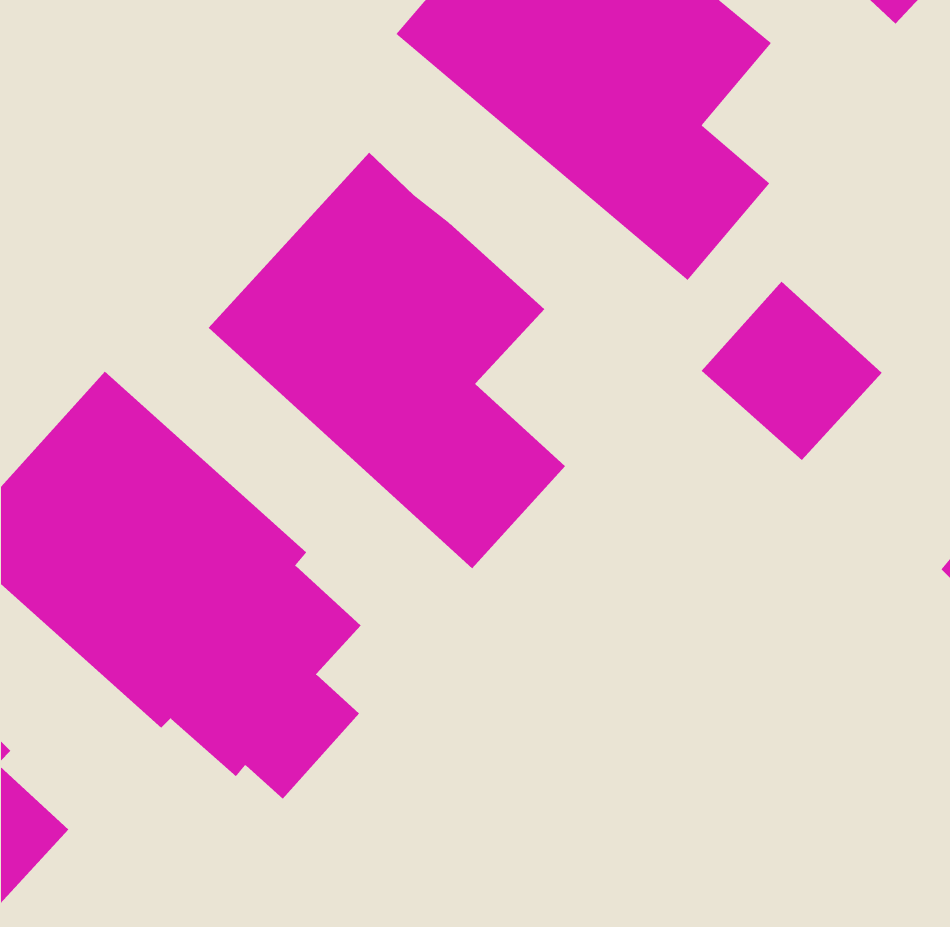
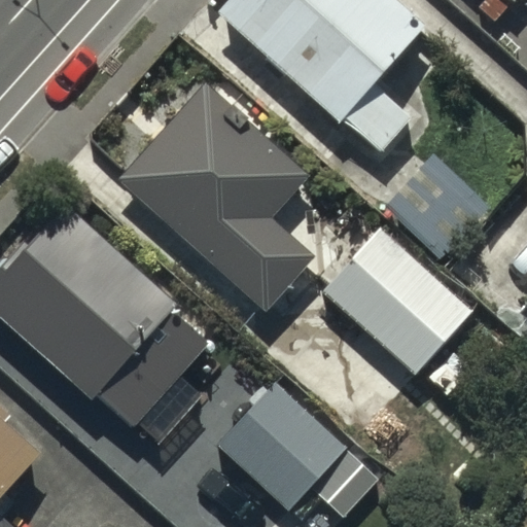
building: none -> [323,226,469,370]
building: none -> [219,377,349,505]

